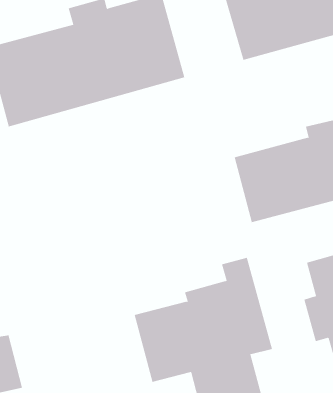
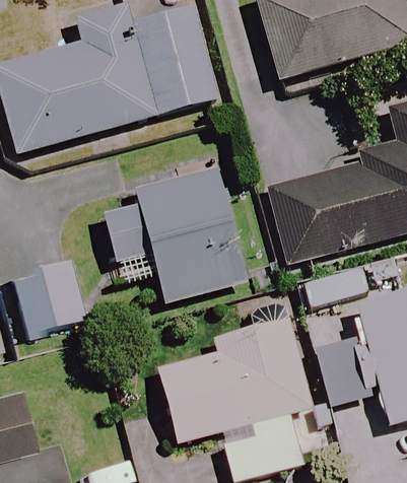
building: none -> [108,168,246,301]
building: none -> [12,258,87,333]

